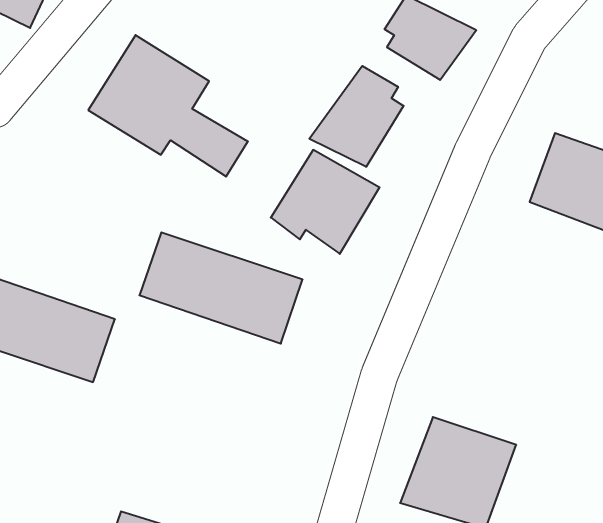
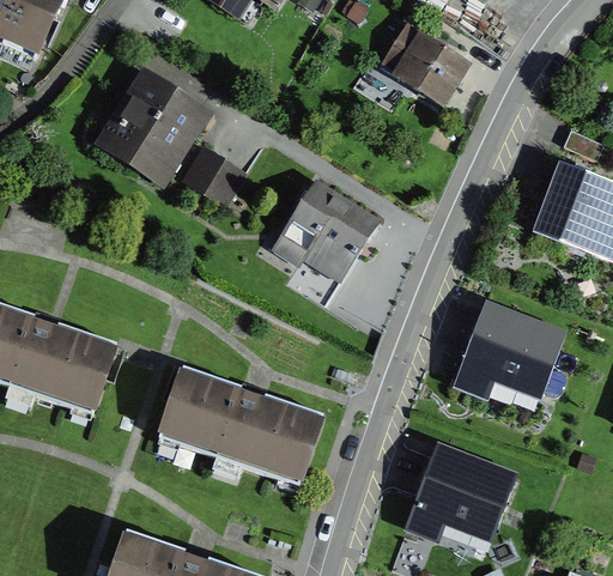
building: [309,66,404,167] -> none
building: [139,232,303,344] -> [162,369,323,479]
building: none -> [454,298,565,398]

